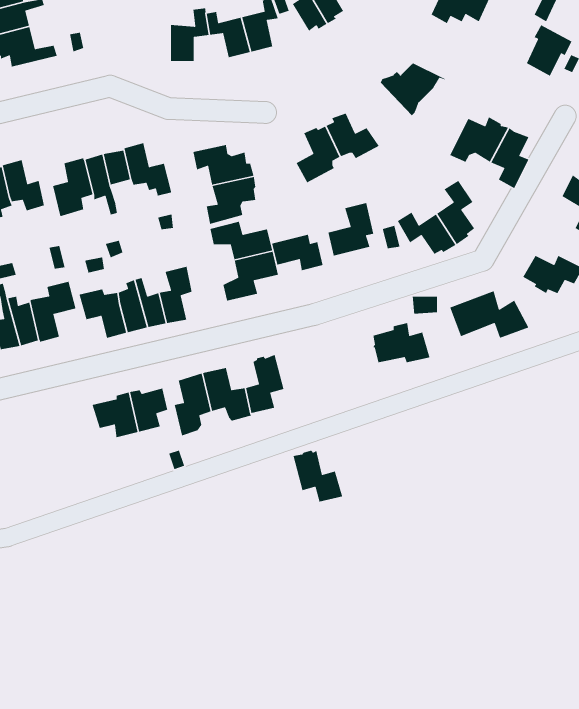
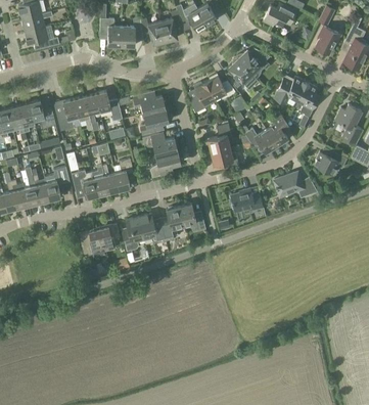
building: none -> [100,17,122,46]
building: none -> [226,57,253,89]
building: [271,234,324,271] -> [211,147,239,168]
building: [292,450,343,502] -> [179,202,206,231]

